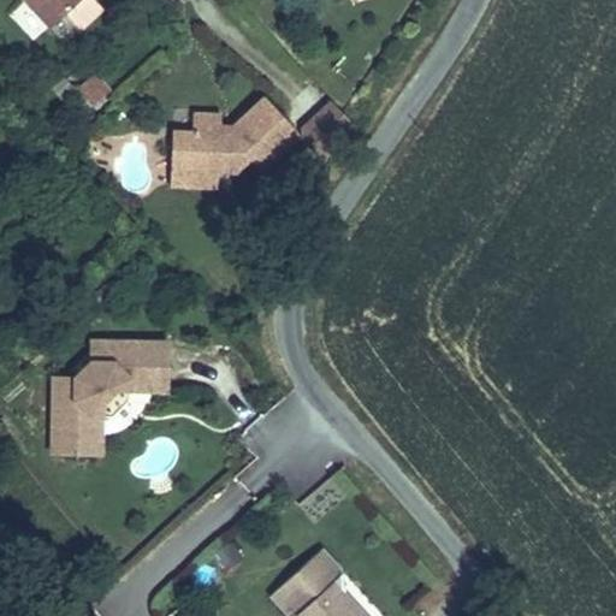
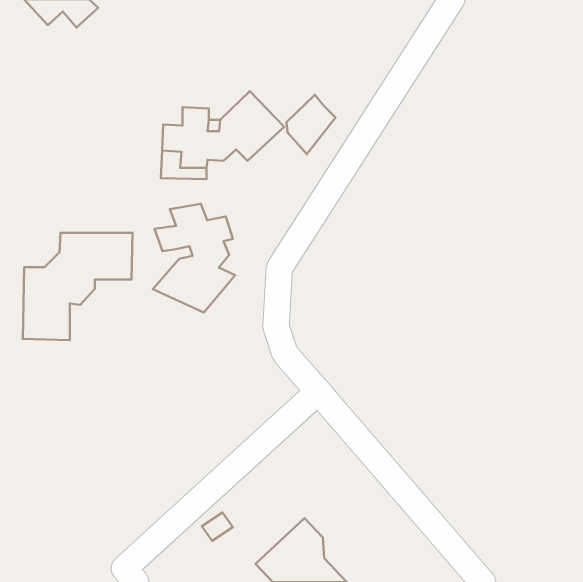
building: none -> [153,204,235,312]
building: [52,340,167,454] -> [23,233,132,340]

